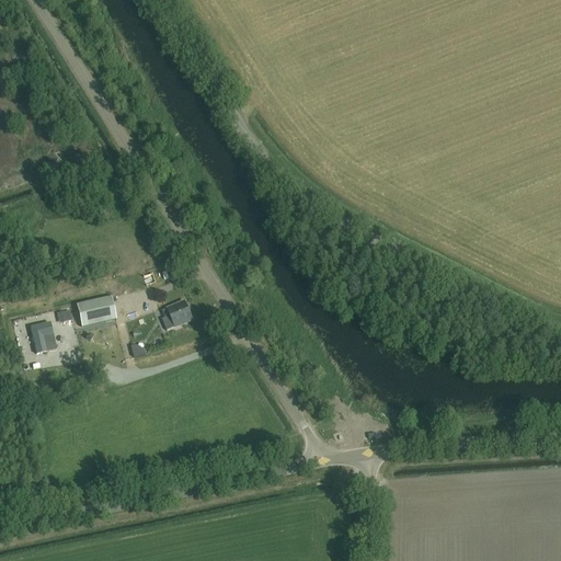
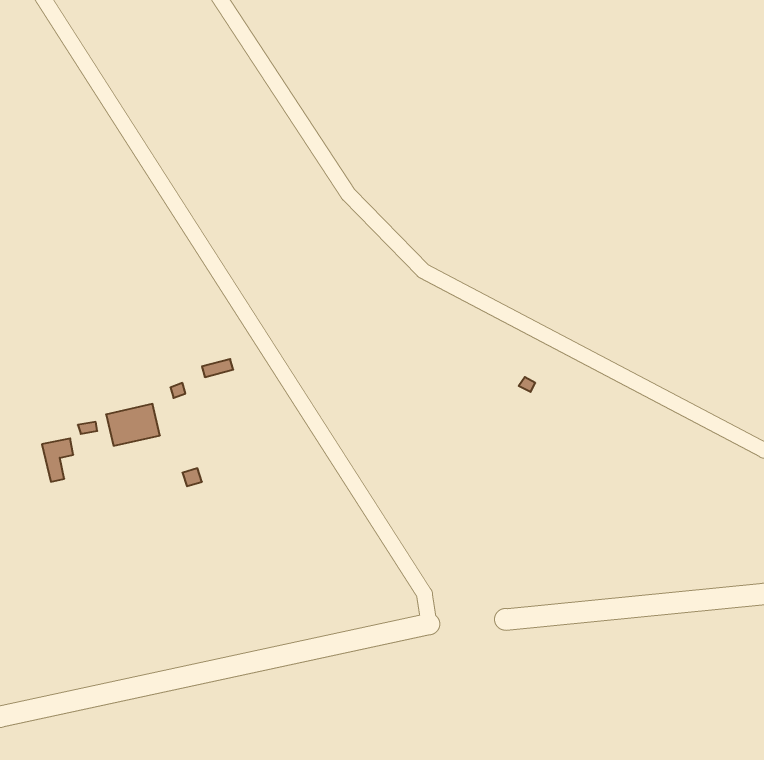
building: [161,300,192,329] -> none

